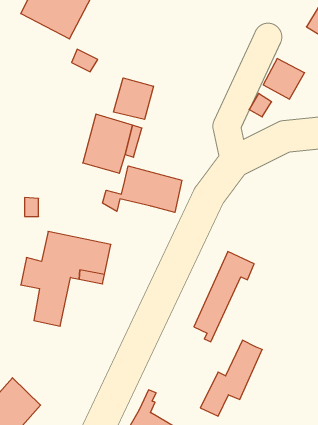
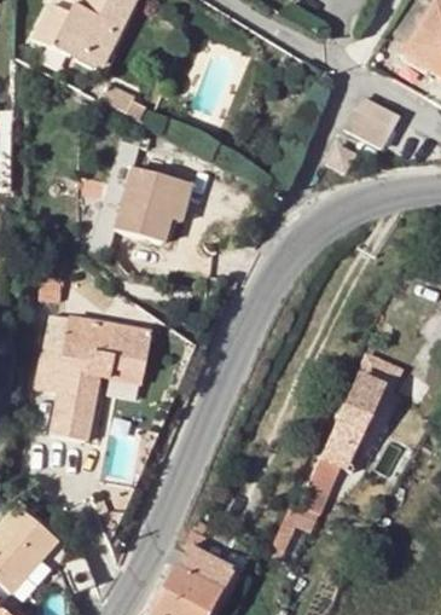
building: [114,78,153,119] -> none
building: [102,166,182,212] -> none
building: [194,252,254,342] -> [324,354,401,470]

